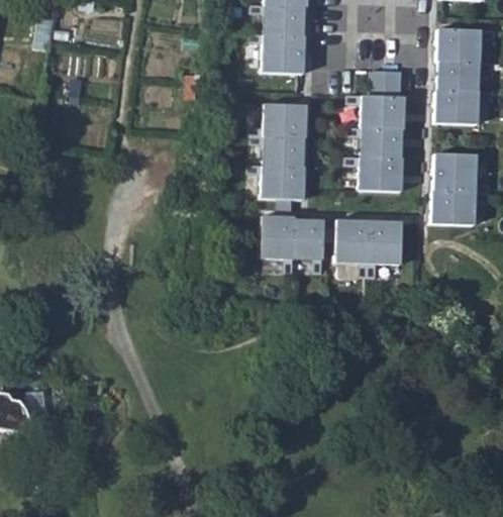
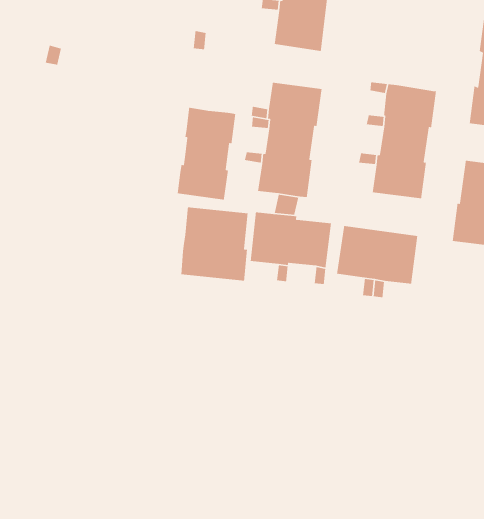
building: [371,69,402,96] -> none
building: none -> [177,107,236,201]
building: none -> [180,206,249,281]

